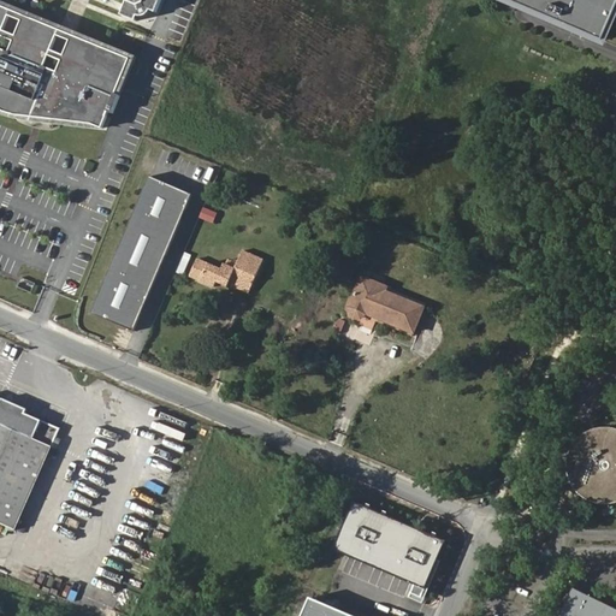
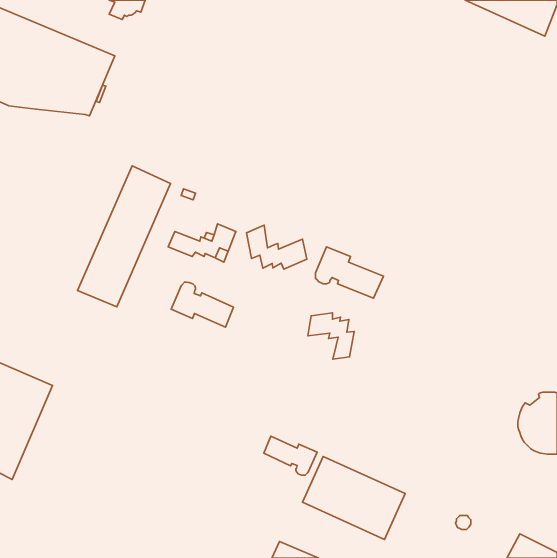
building: none -> [247,225,307,269]
building: none -> [171,282,233,327]
building: none -> [308,313,354,359]
building: none -> [264,436,317,475]

